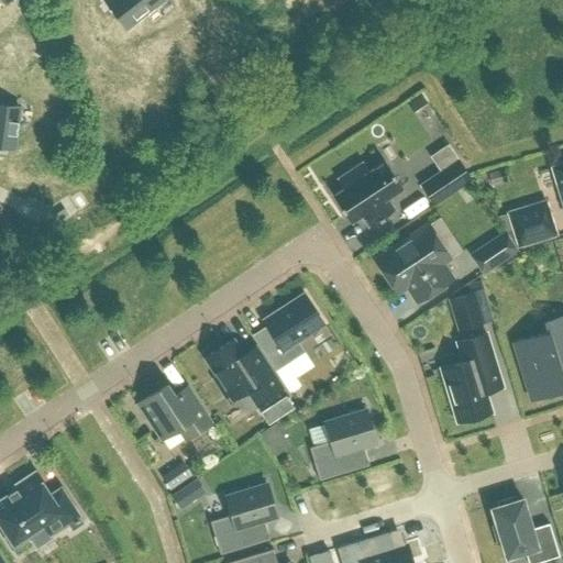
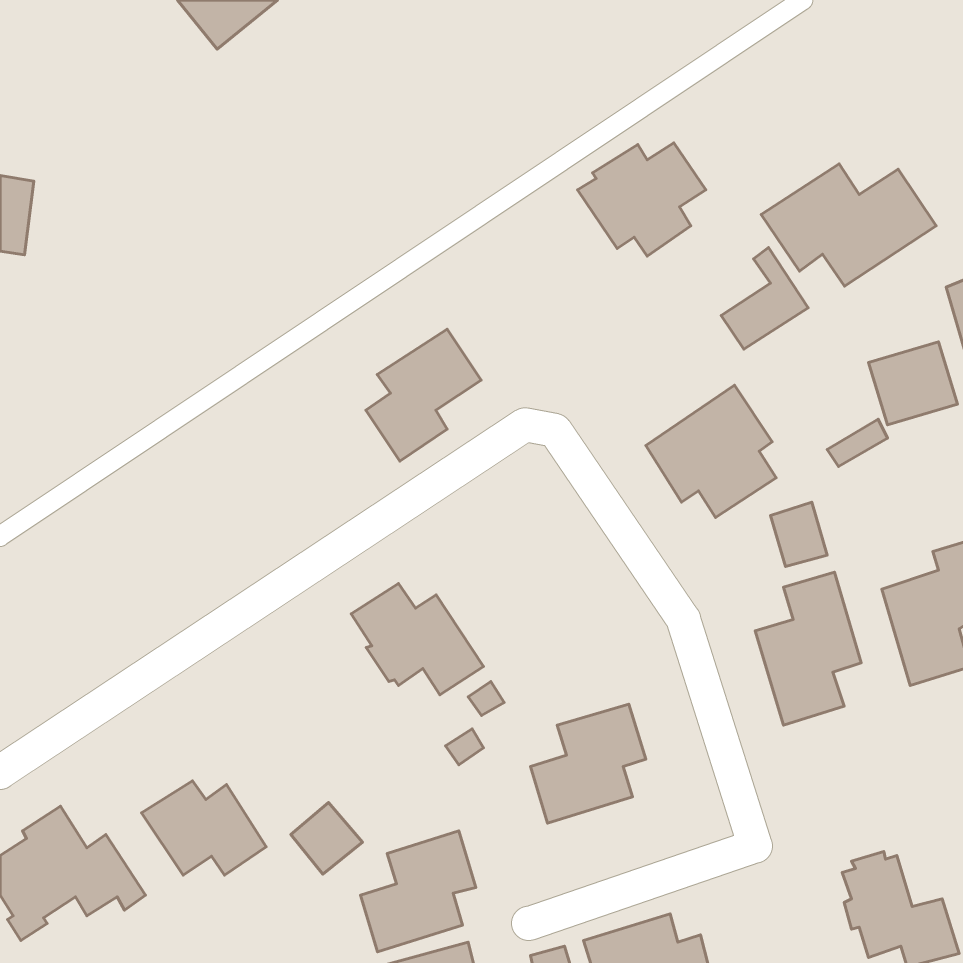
building: none -> [761,164,936,286]
building: [329,162,404,228] -> [577,143,706,256]
building: [257,295,324,372] -> [366,329,481,461]
building: [139,385,211,440] -> [142,781,266,875]

